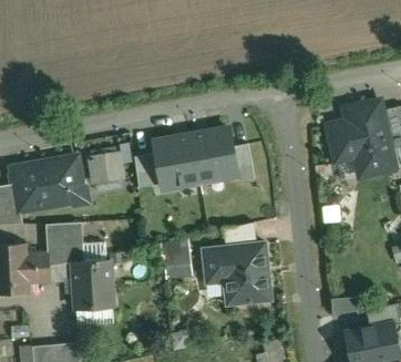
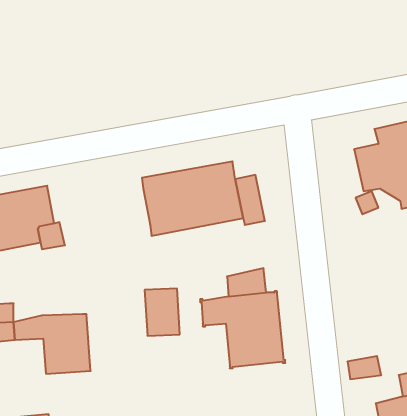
building: [92,154,122,180] -> none
building: [134,157,162,192] -> none
building: [47,223,106,267] -> none

